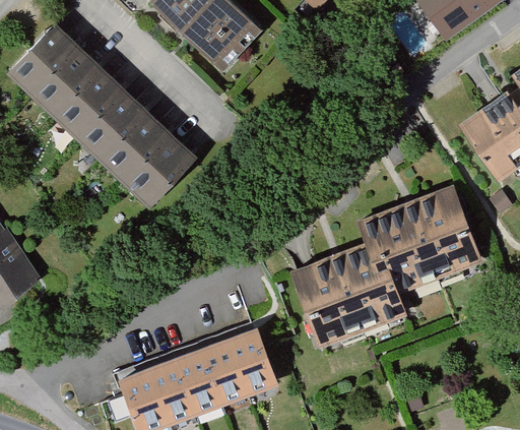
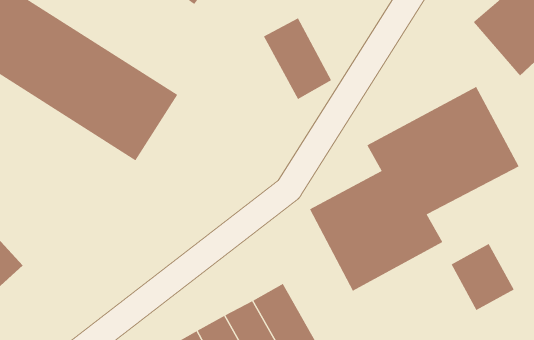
building: none -> [263,17,332,100]
building: none -> [451,243,514,311]

